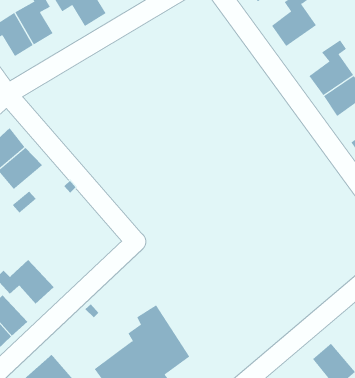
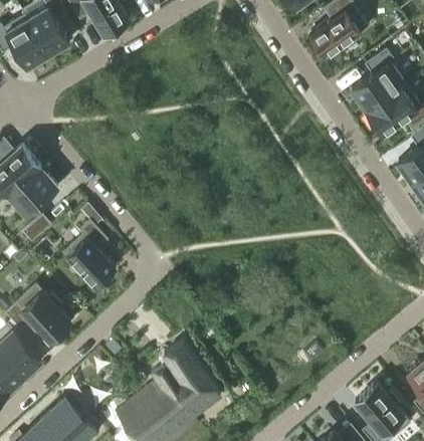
building: none -> [67,220,117,285]

